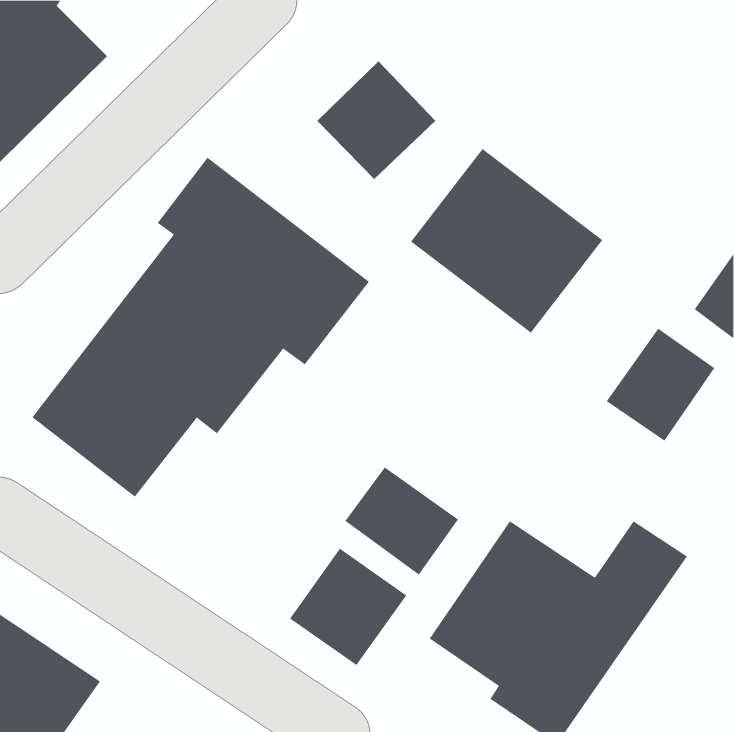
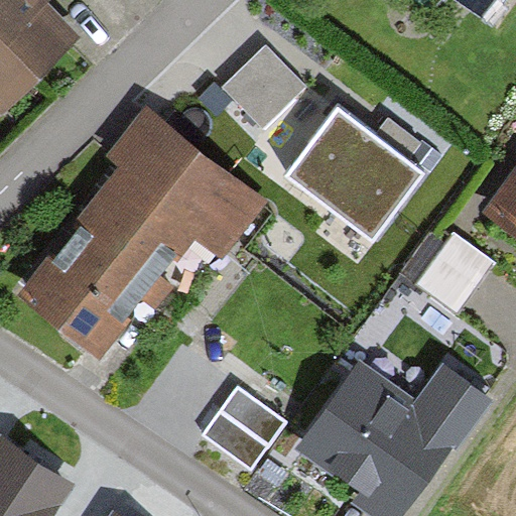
building: [344,466,459,575] -> none

